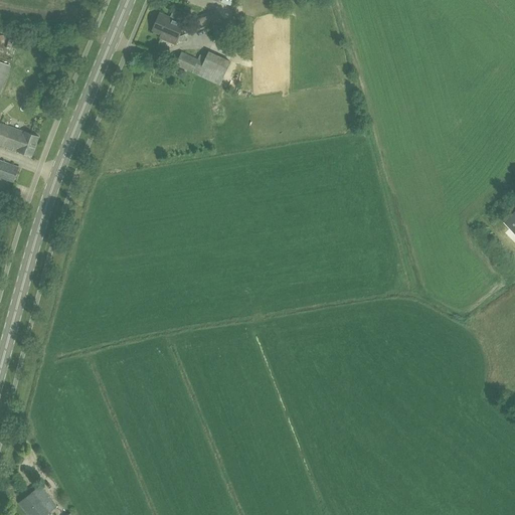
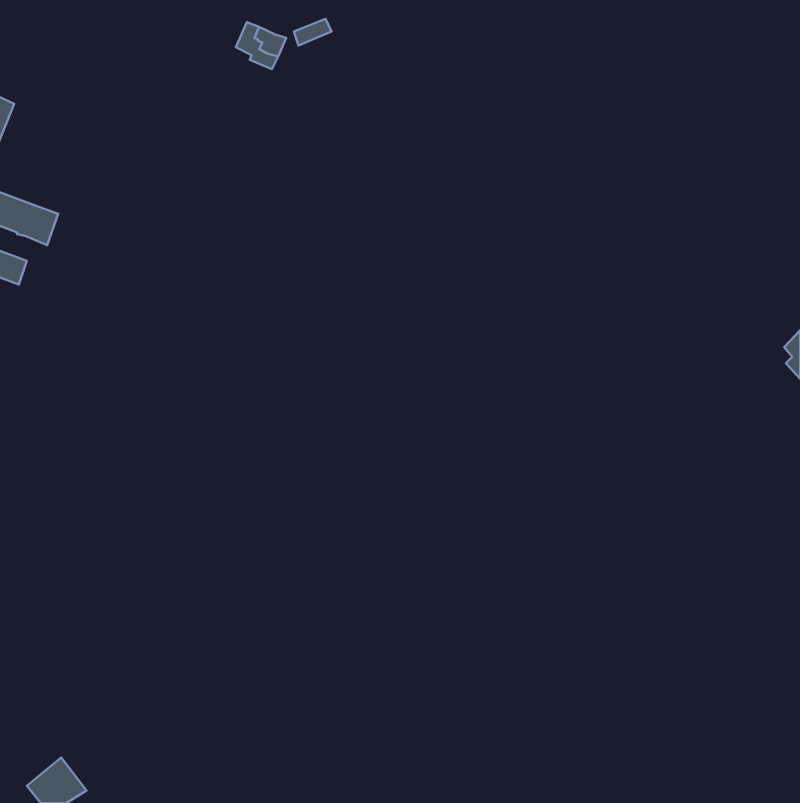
building: [173,51,229,85] -> none

